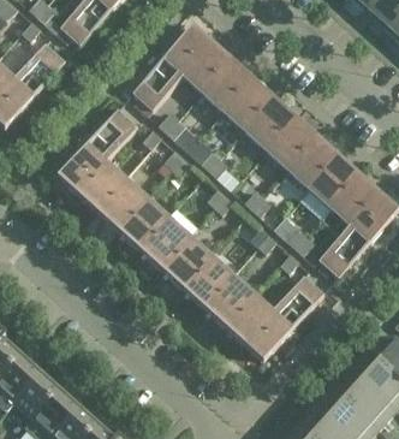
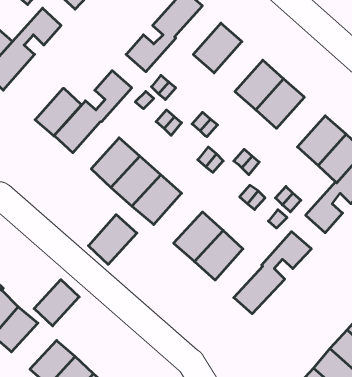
building: [183,41,231,91] -> none
building: [224,78,274,130] -> none
building: [288,136,339,188] -> none
building: [77,161,125,210] -> [35,89,81,136]
building: [161,236,212,287] -> [88,215,137,264]
building: [225,293,274,344] -> none
building: [13,370,60,419] -> [34,280,79,326]

